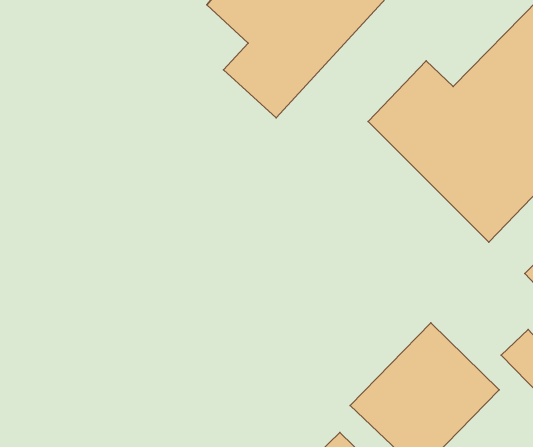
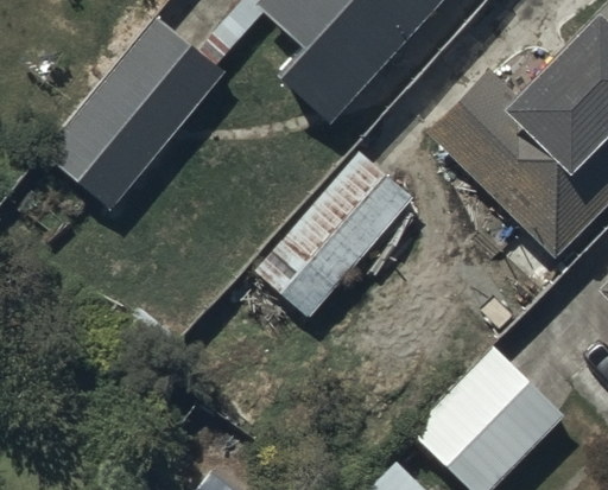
building: none -> [44,15,228,210]
building: none -> [252,147,419,320]

